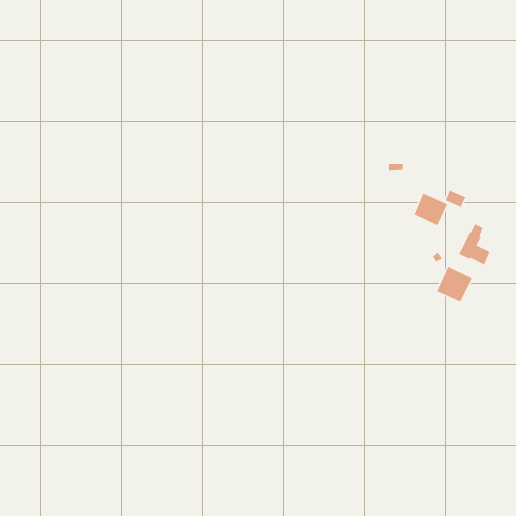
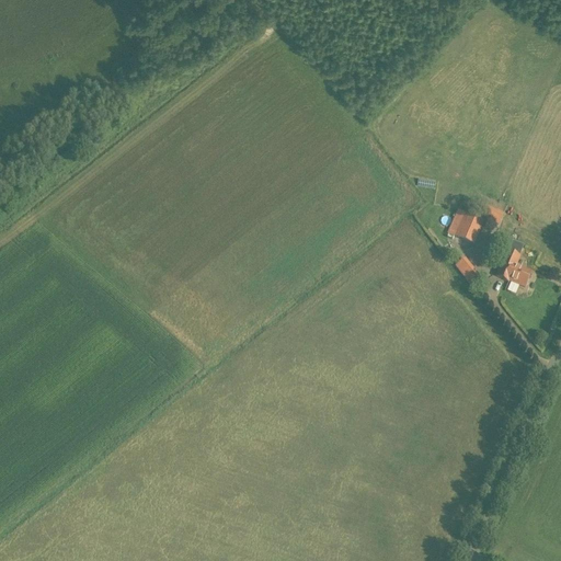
building: [436,266,473,302] -> none

